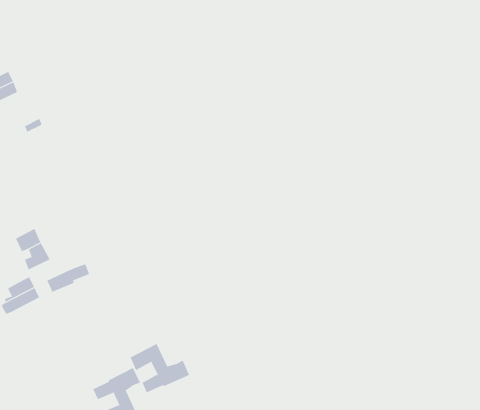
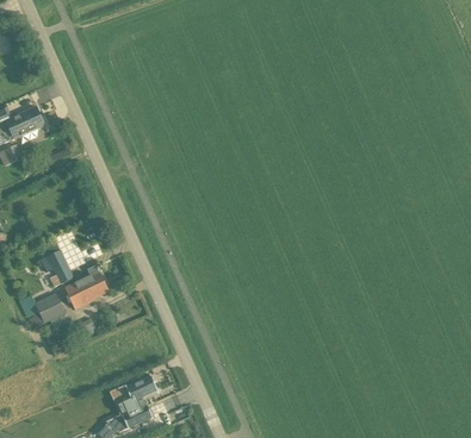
building: none -> [66,264,106,296]
building: [130,343,191,393] -> none

